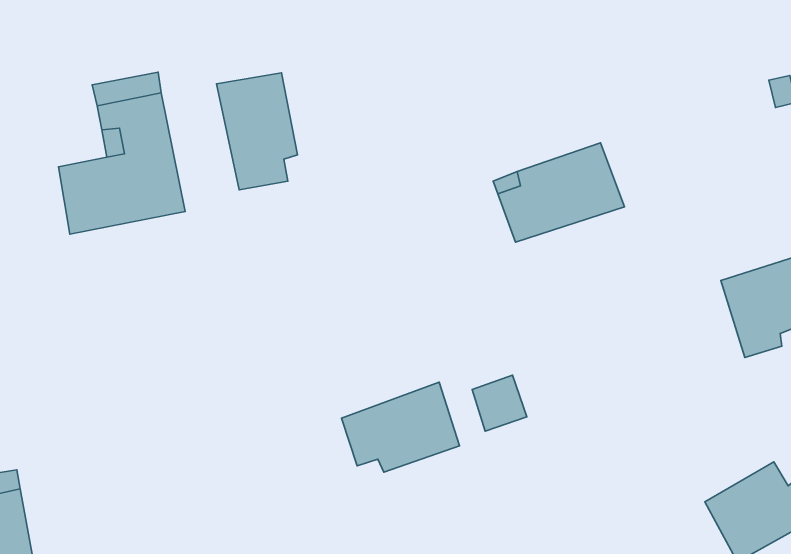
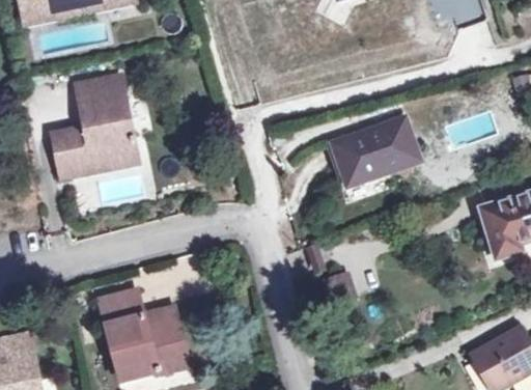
building: [216,73,297,190] -> none
building: [342,382,460,472] -> none
building: none -> [97,289,187,379]

